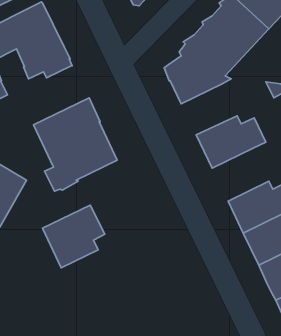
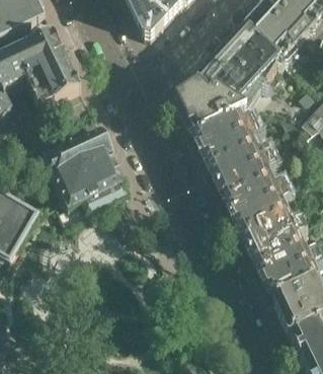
building: none -> [193,111,259,163]
building: none -> [225,176,291,230]
building: [43,205,105,268] -> none

